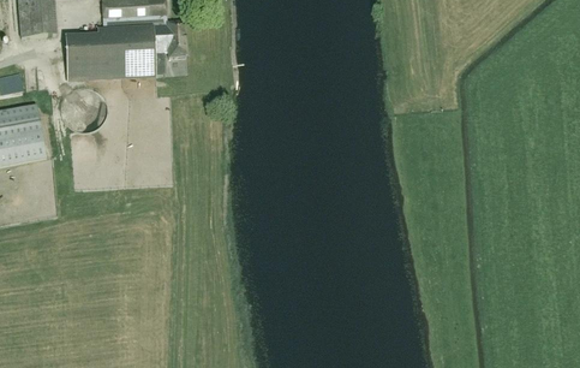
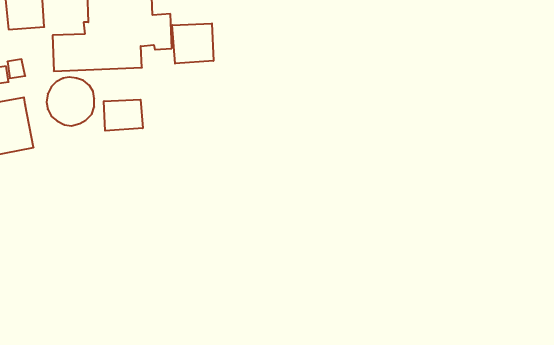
building: none -> [172,23,213,64]
building: none -> [104,100,143,131]

